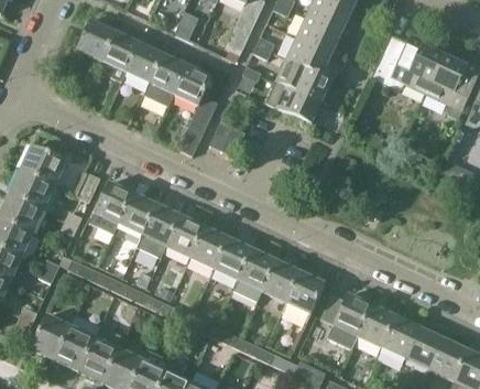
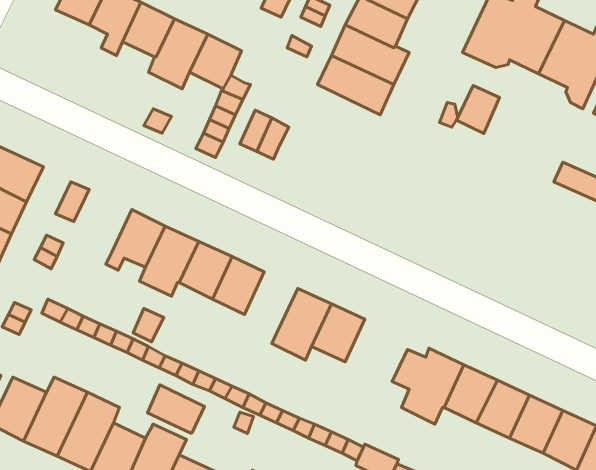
building: none -> [457,85,499,133]
building: [88,182,131,234] -> none
building: [212,238,251,280] -> none
building: [281,272,323,323] -> none
building: none -> [147,385,204,433]

